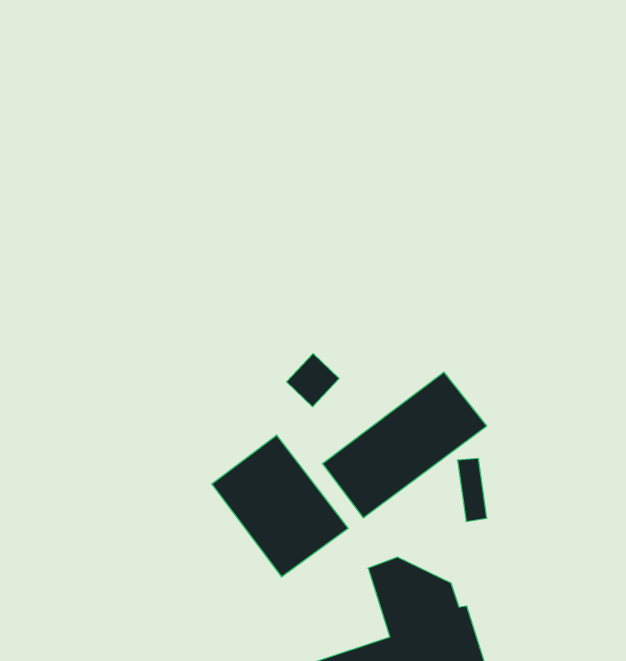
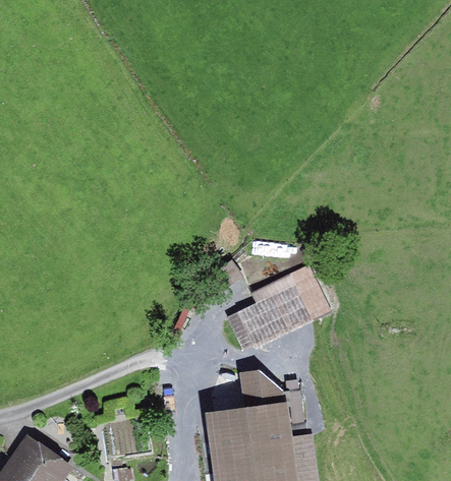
building: [212,435,348,577] -> none

